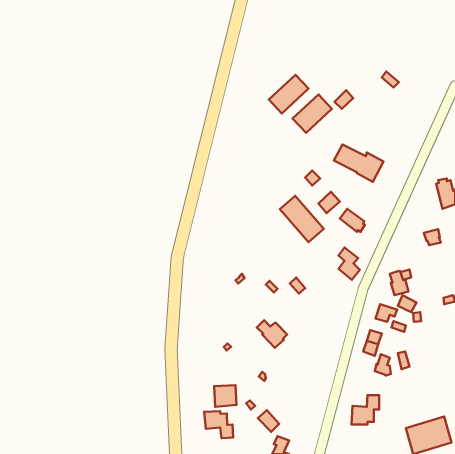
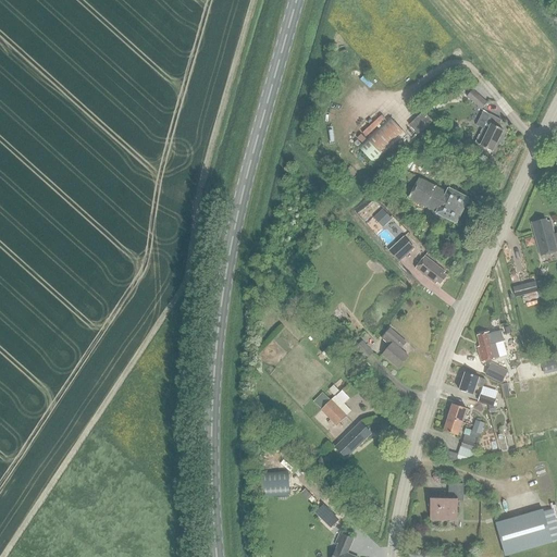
building: [269,75,308,113] -> none
building: none -> [474,110,503,150]
building: [280,196,324,242] -> none
building: [338,248,360,280] -> [381,327,407,367]
building: none -> [334,421,370,457]
building: [204,411,233,438] -> none

